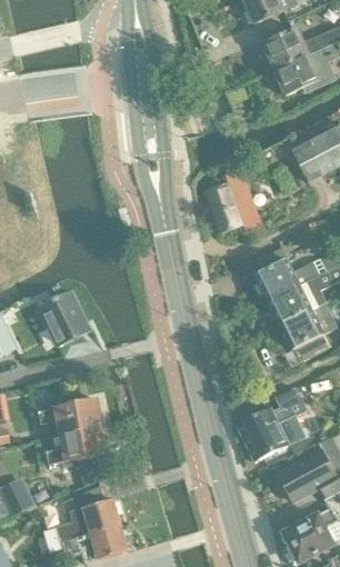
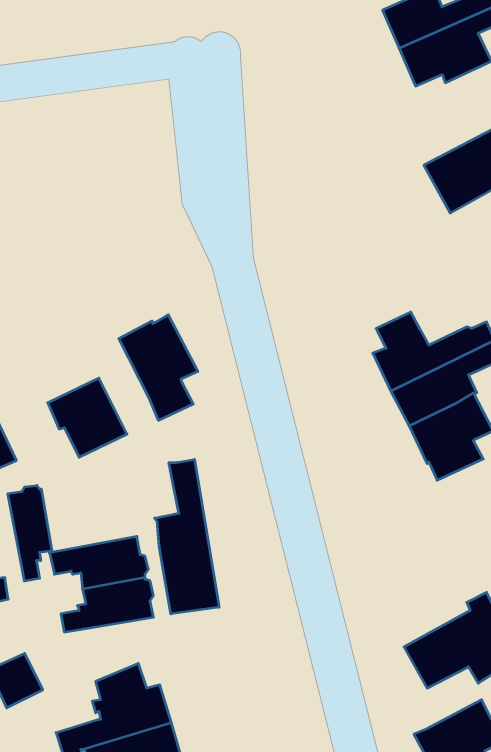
building: [207,167,262,231] -> none
building: none -> [119,315,198,420]
building: none -> [155,459,219,614]
building: none -> [8,485,52,581]
building: [237,386,307,460] -> none

